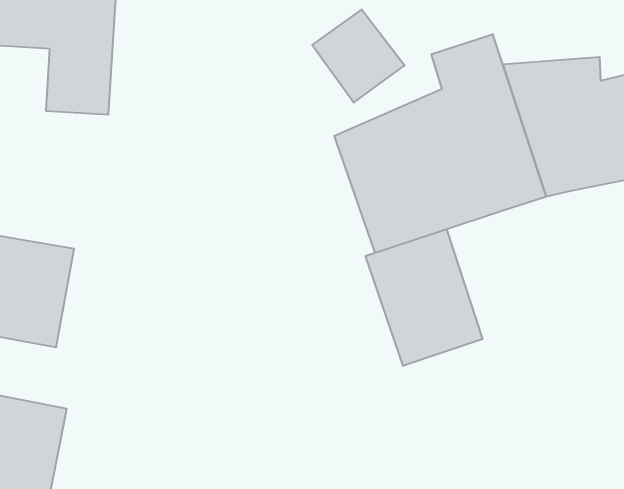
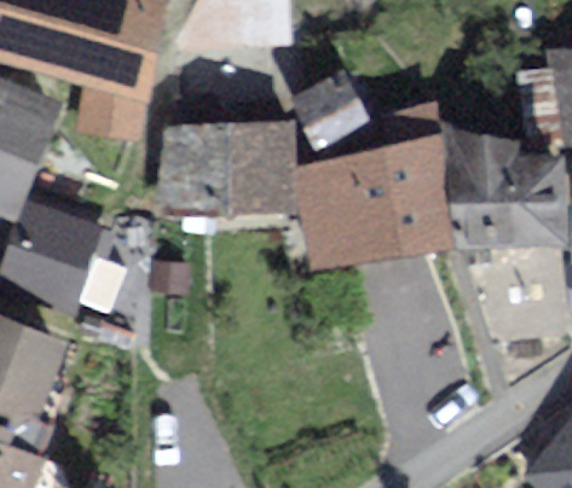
building: none -> [173,132,289,202]
building: [366,229,482,366] -> none

